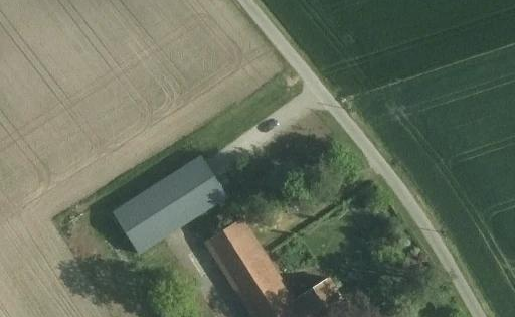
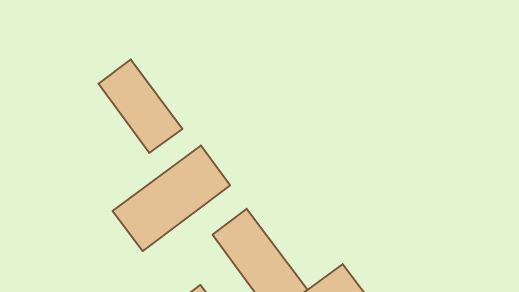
building: none -> [98,59,182,153]

